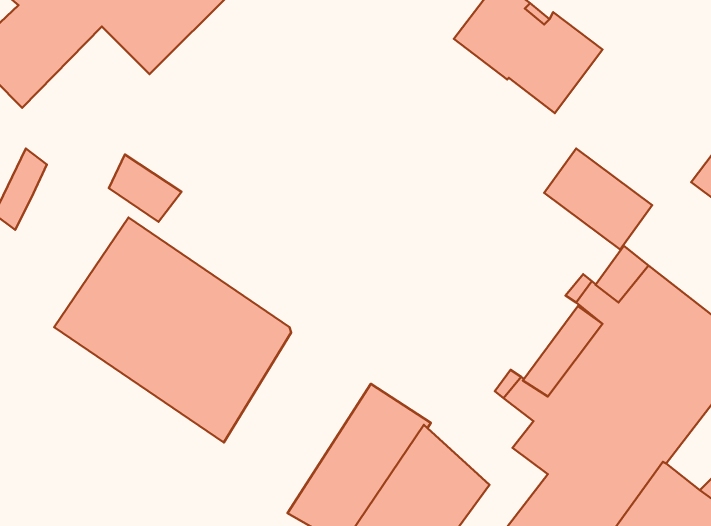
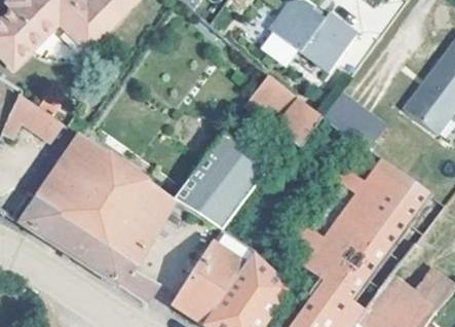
building: none -> [242,74,323,150]
building: [109,155,181,222] -> [22,102,64,141]
building: none -> [172,134,264,228]
building: none -> [18,196,156,302]

